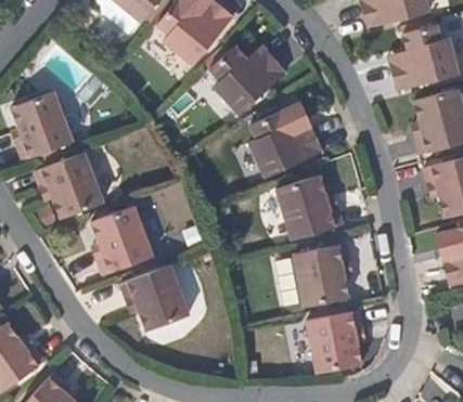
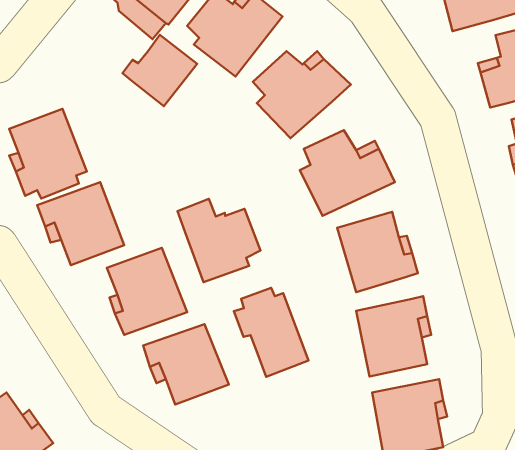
building: none -> [123,35,197,106]
building: none -> [177,199,260,282]
building: none -> [234,288,309,377]

